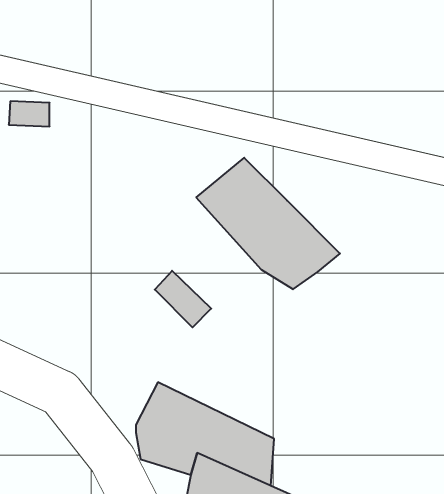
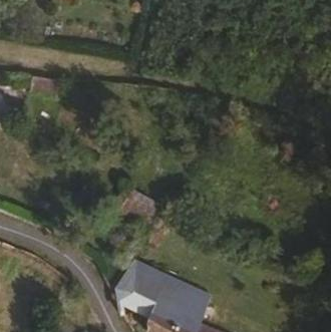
building: [196,158,340,289] -> none

